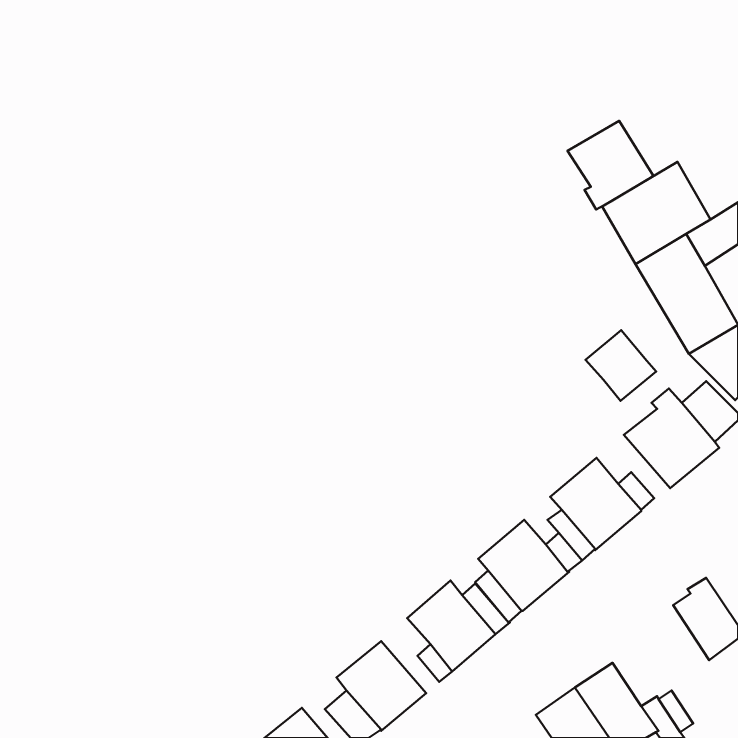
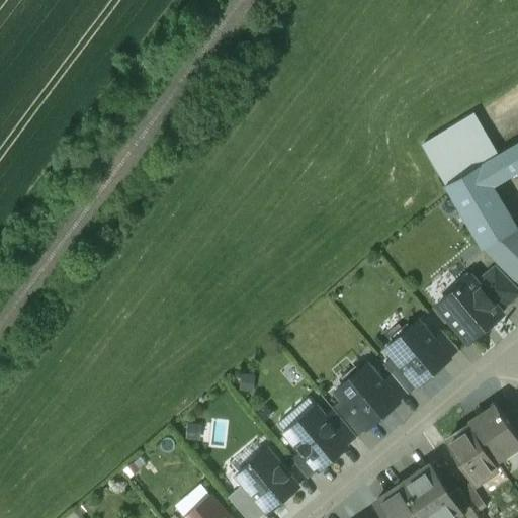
building: [567,121,653,209] -> none
building: [585,330,656,401] -> none
building: none -> [446,424,500,484]

